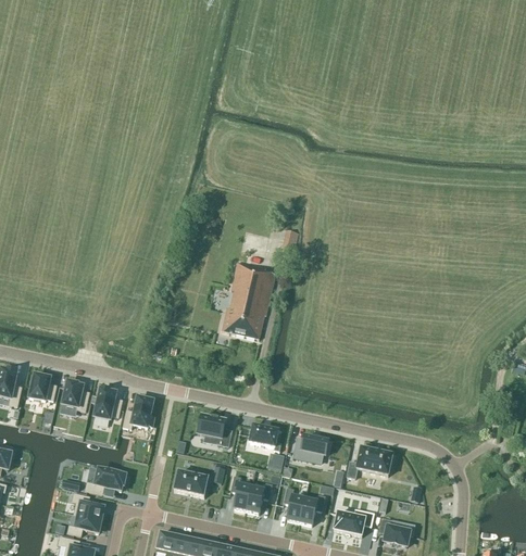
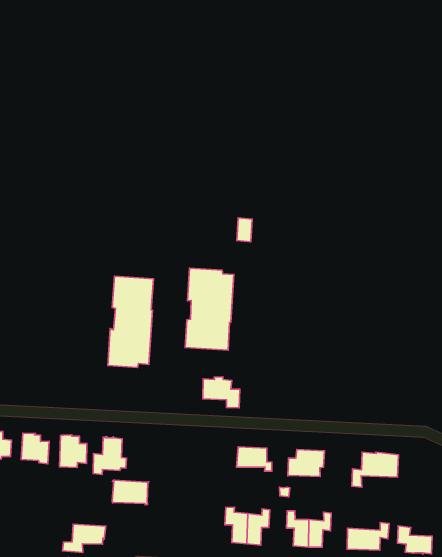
building: none -> [108,276,154,368]
building: [198,416,231,446] -> [203,377,240,408]
building: [174,471,209,497] -> [112,480,149,505]

